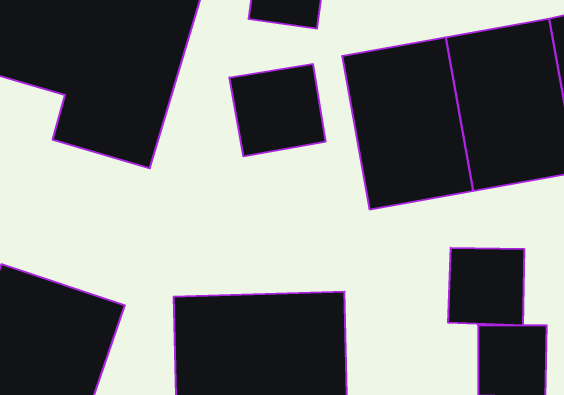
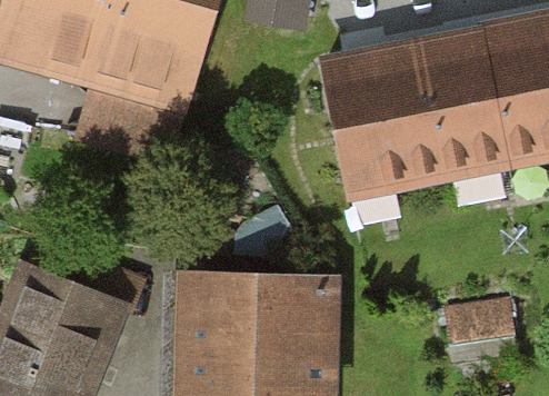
building: [229,64,325,156] -> none
building: [448,248,524,325] -> none

